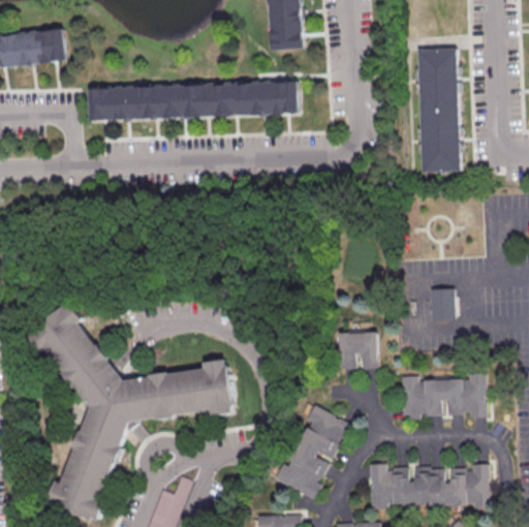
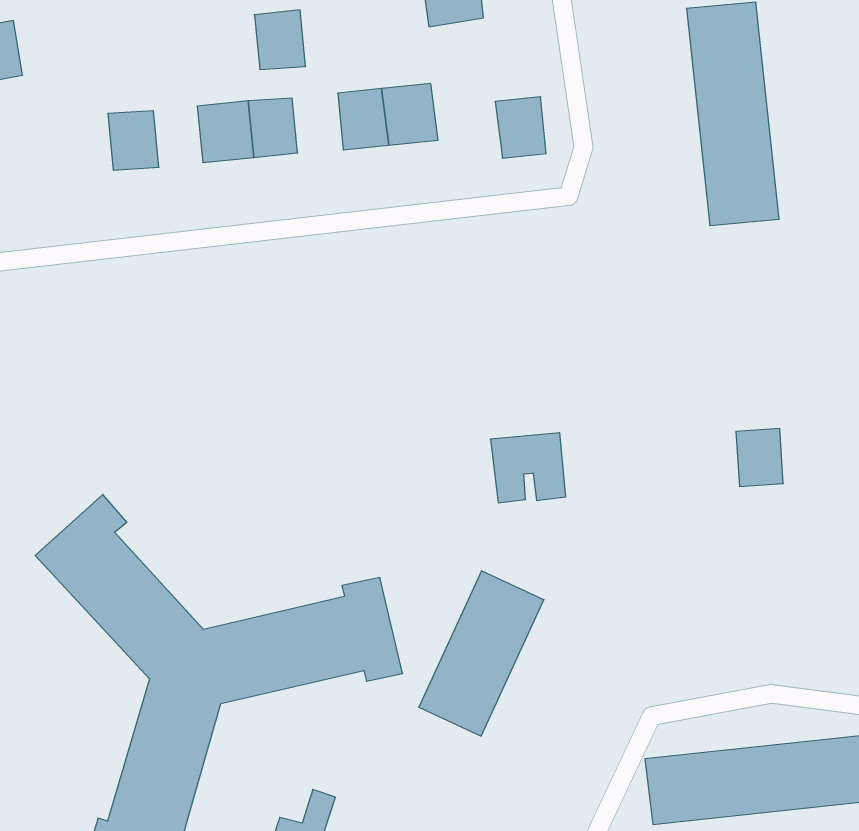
building: [37,28,65,62] -> none
building: [270,81,297,114] -> [495,97,546,158]
building: [191,84,218,116] -> [254,10,306,69]
building: [113,86,138,119] -> none
building: [337,331,377,368] -> [490,433,566,503]
building: [399,375,484,417] -> none
building: [275,404,349,497] -> [419,571,544,736]

